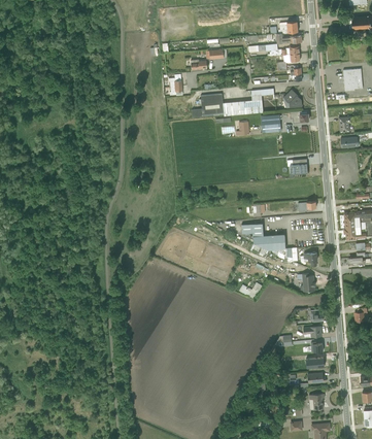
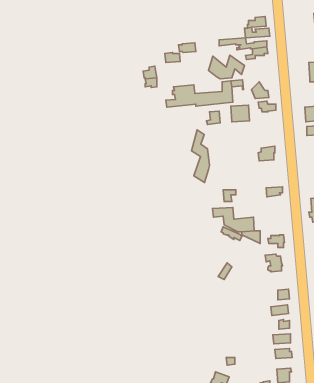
building: none -> [208,55,244,79]
building: none -> [191,130,209,182]

